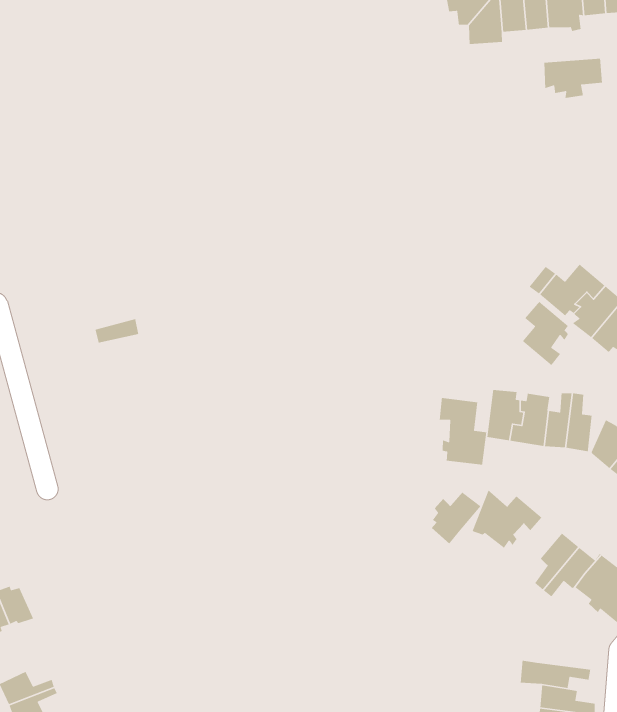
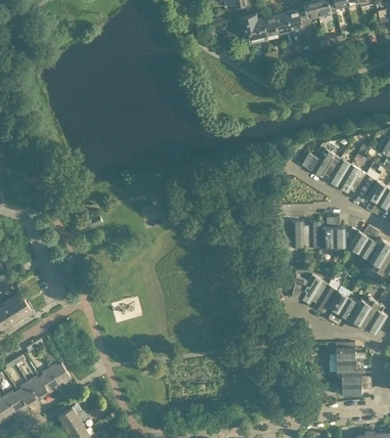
building: [544,58,603,99] -> none
building: [522,301,569,366] -> none
building: [439,397,487,466] -> none
building: [431,491,481,545] -> [314,284,339,313]
building: none -> [336,343,365,360]

